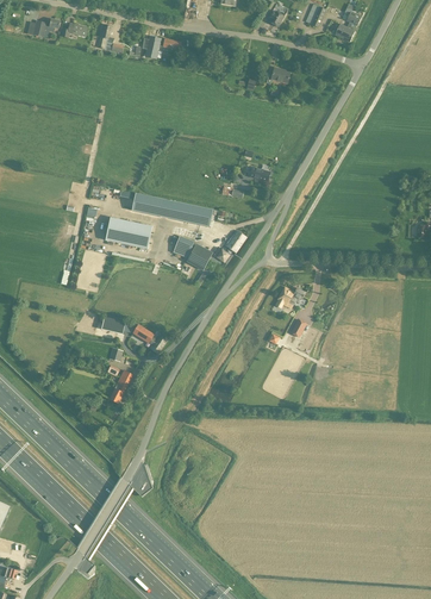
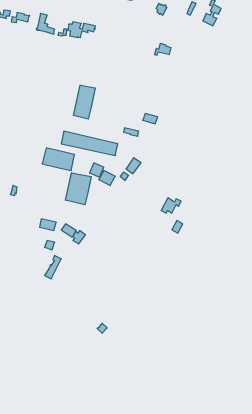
building: none -> [74,85,95,119]
building: none -> [66,173,91,205]

